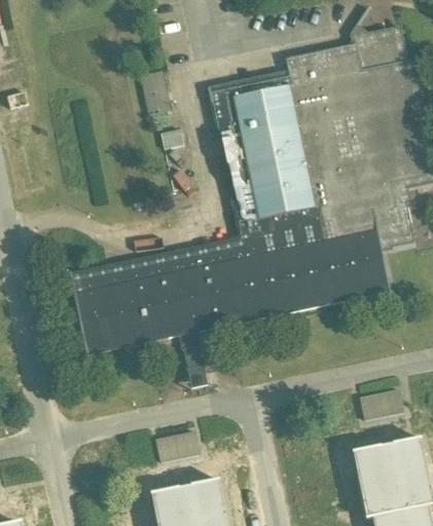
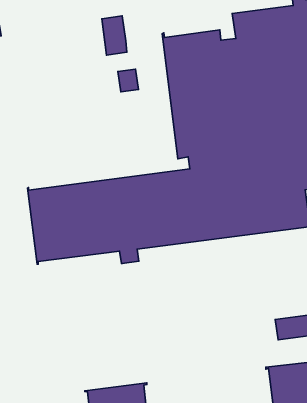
building: [155,429,199,460] -> none

